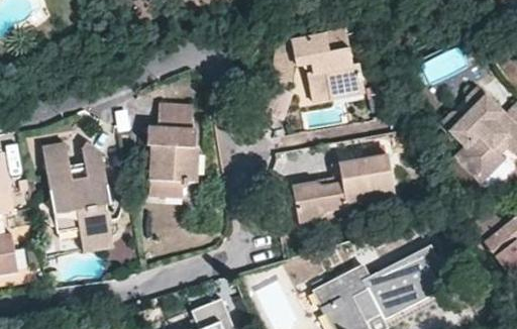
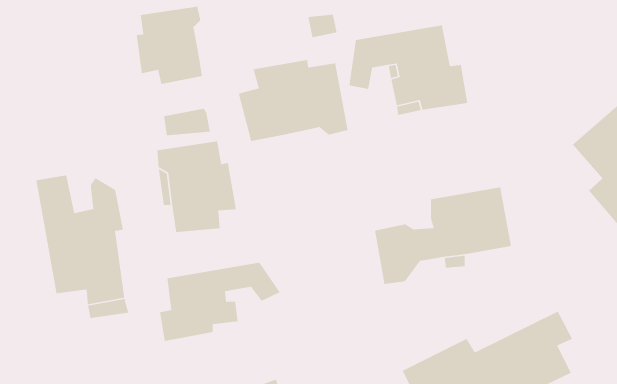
building: none -> [136,6,203,85]
building: none -> [238,59,349,142]
building: none -> [159,262,281,342]

